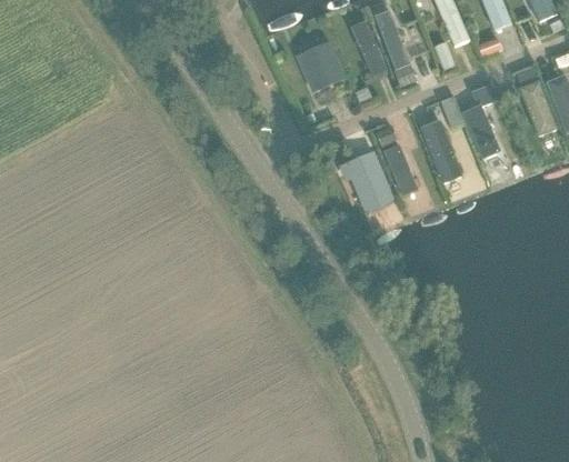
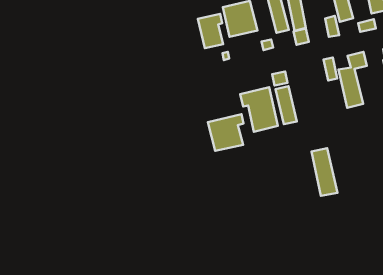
building: none -> [198,14,223,48]
building: [420,118,463,182] -> [312,148,337,196]
building: none -> [208,114,244,151]

